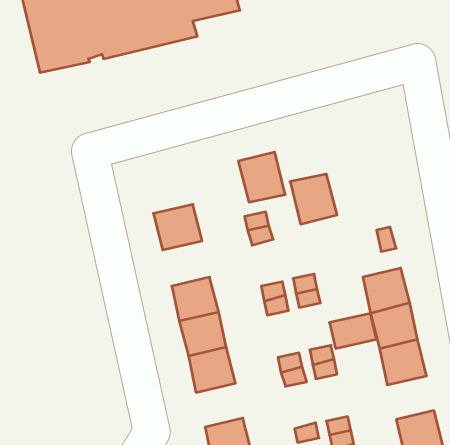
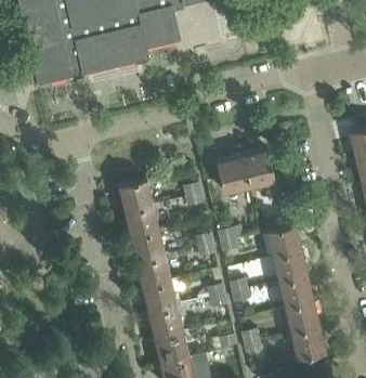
building: [238,152,285,202] -> [240,149,274,185]
building: none -> [123,204,157,236]
building: none -> [284,300,317,331]
building: none -> [147,305,181,337]

